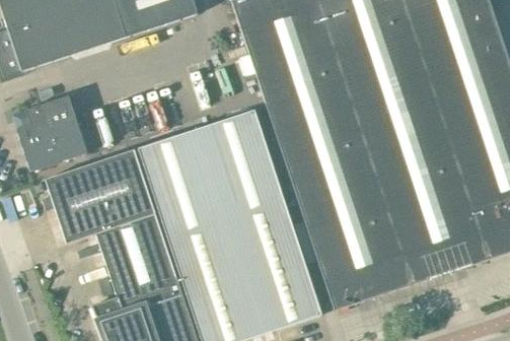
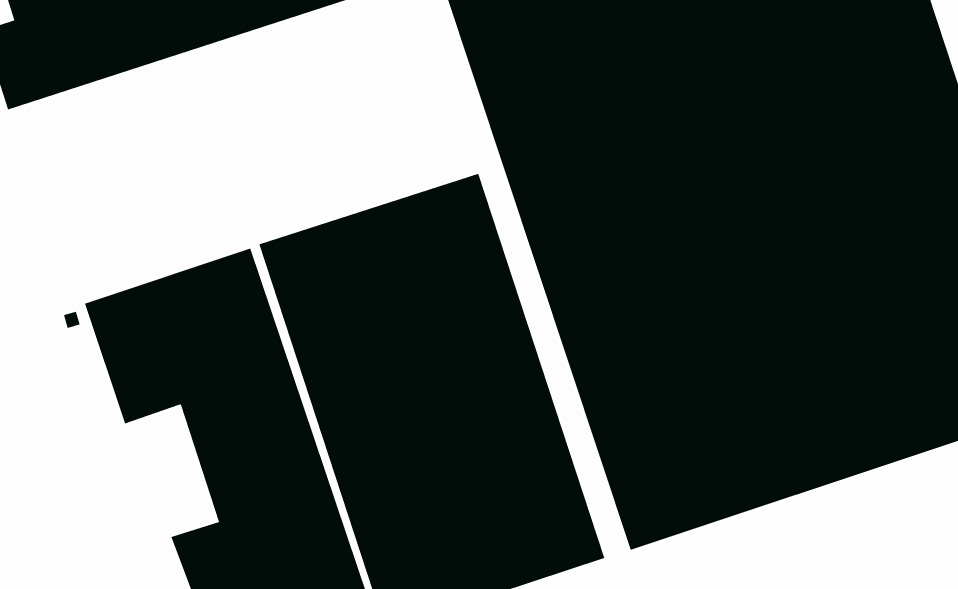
building: [14,95,86,170] -> none

